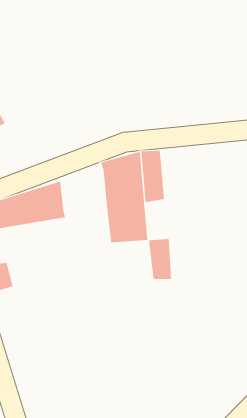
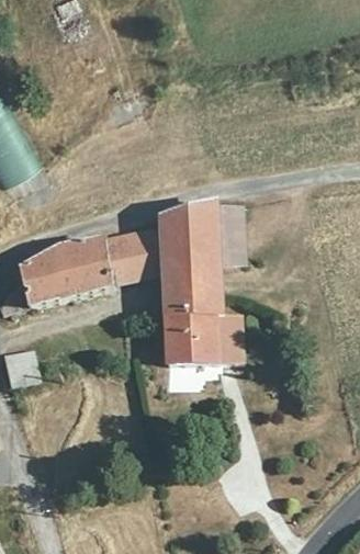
building: none -> [100,227,157,278]
building: none -> [162,315,215,369]

